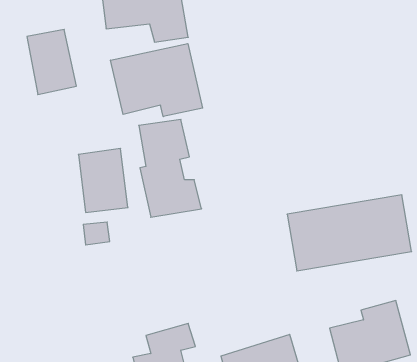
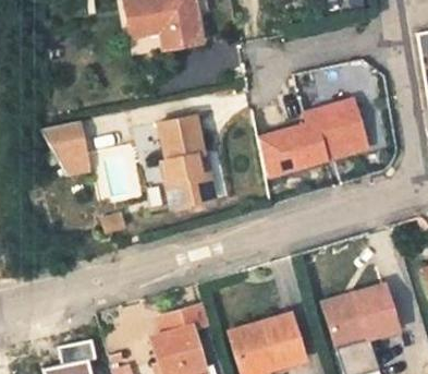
building: [27,29,76,95] -> [51,119,96,178]
building: [111,44,203,117] -> none
building: [287,195,412,271] -> [260,104,372,172]

